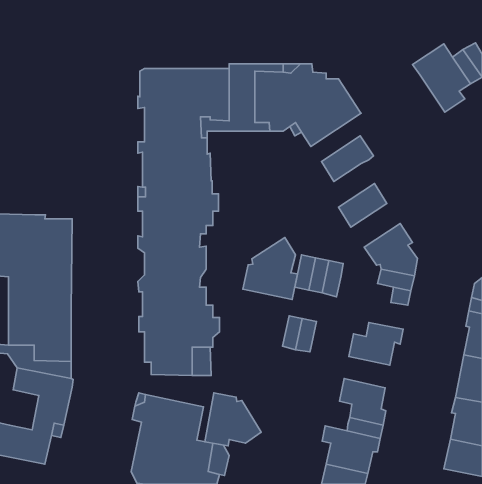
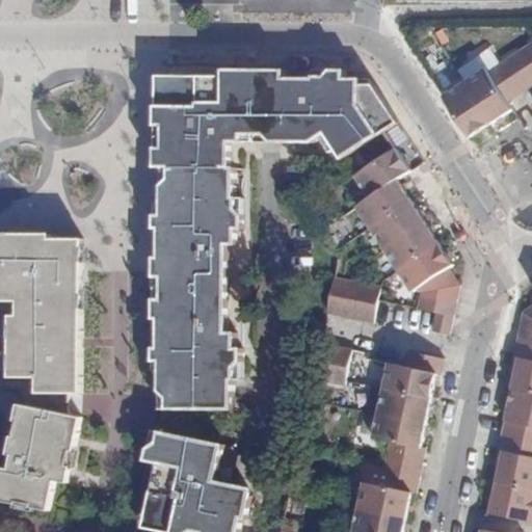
building: none -> [438,82,486,135]
building: none -> [355,179,409,227]
building: none -> [383,222,437,270]
building: [243,238,297,299] -> none
building: none -> [376,390,426,424]
building: none -> [9,426,43,470]
building: [205,393,261,446] -> none

